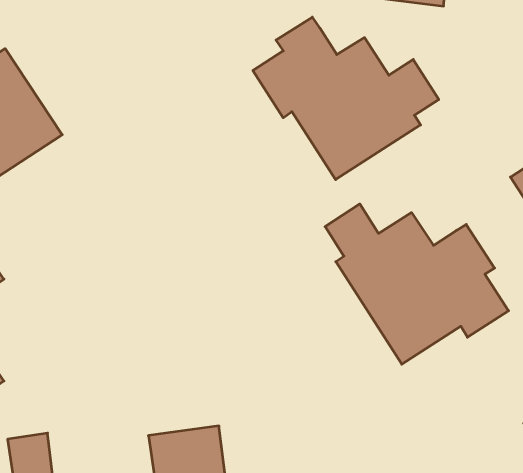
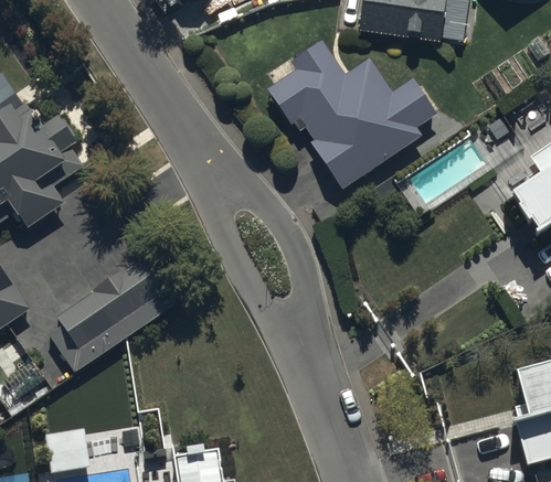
building: [325,204,509,364] -> none
building: none -> [44,264,176,378]

